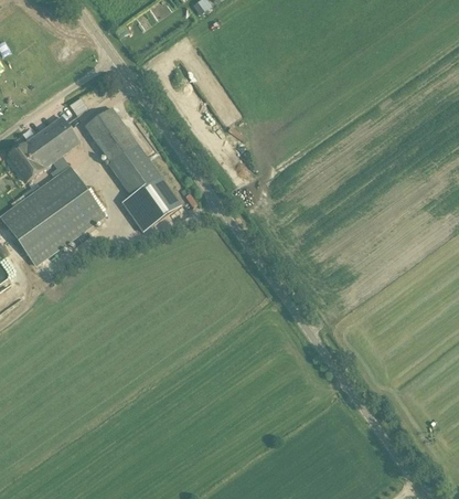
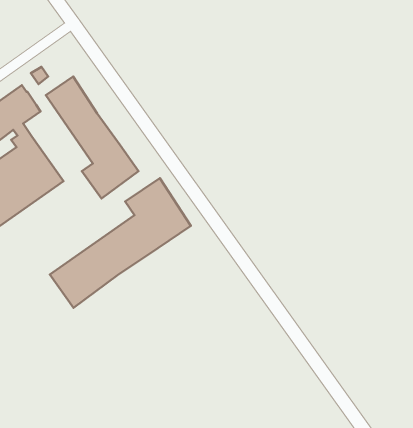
building: none -> [50,178,191,308]

